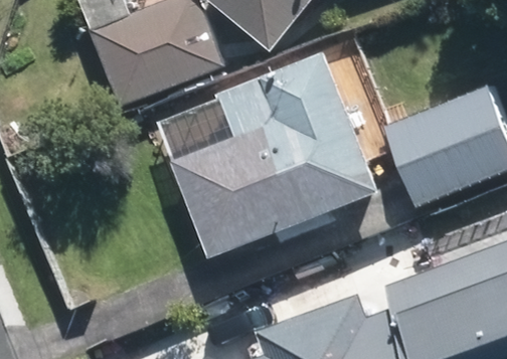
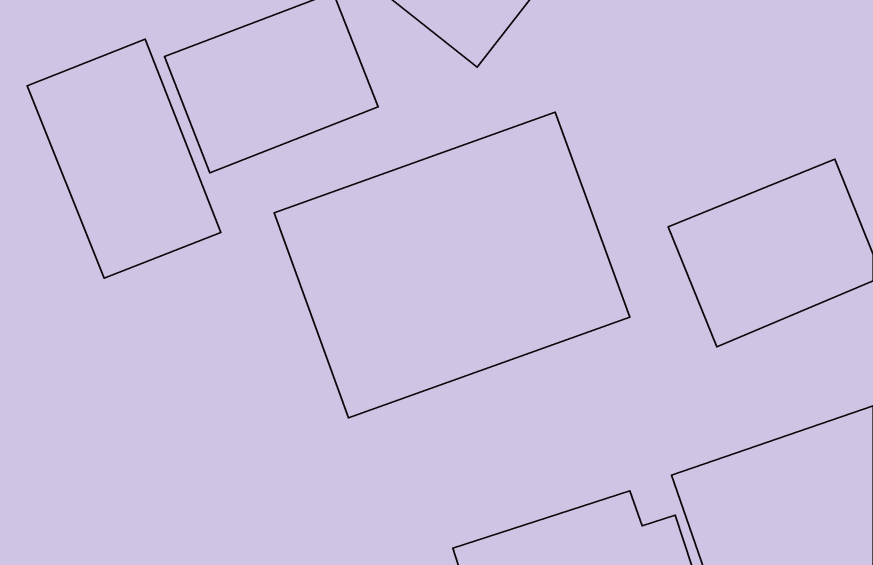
building: none -> [27,39,221,278]

